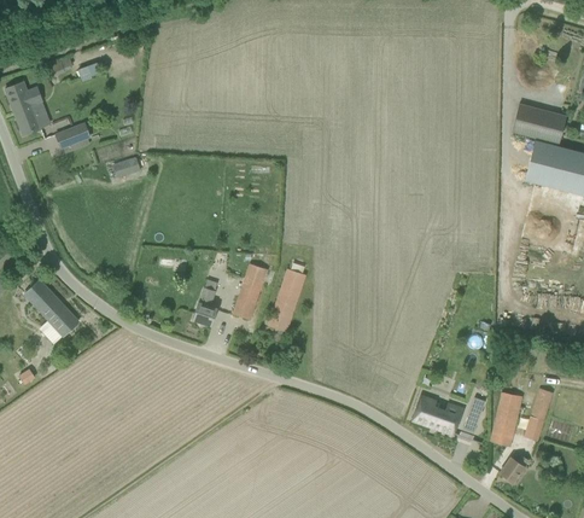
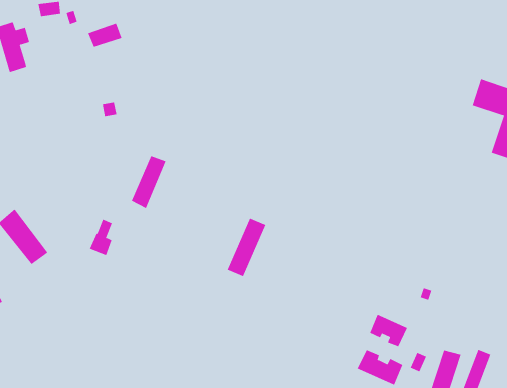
building: [54,122,92,150] -> [87,23,122,47]
building: [233,264,267,321] -> [131,155,166,209]
building: [192,287,216,326] -> [89,219,113,256]
building: none -> [370,314,411,347]

